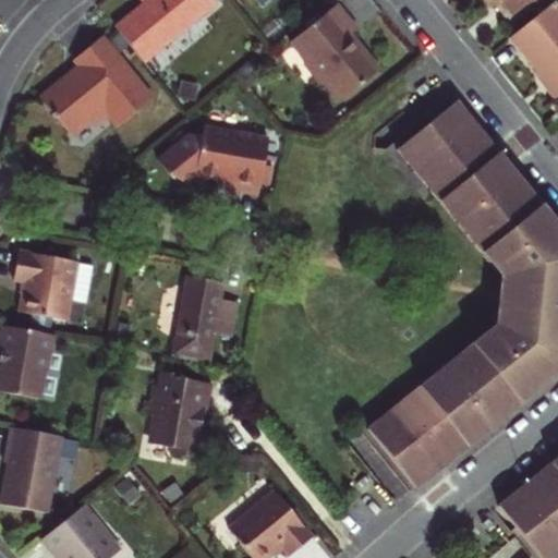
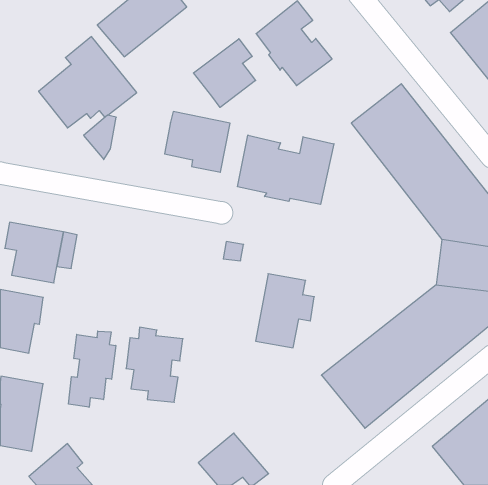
building: none -> [193,39,256,107]
building: [160,136,197,186] -> [84,115,116,160]
building: none -> [238,135,334,204]
building: [167,279,233,363] -> [256,274,314,348]
building: none -> [69,331,116,407]

